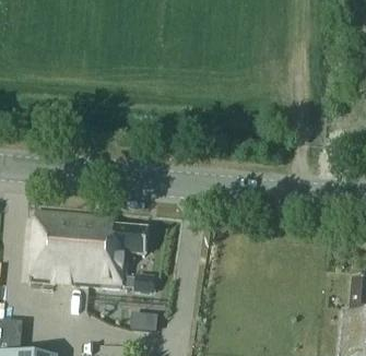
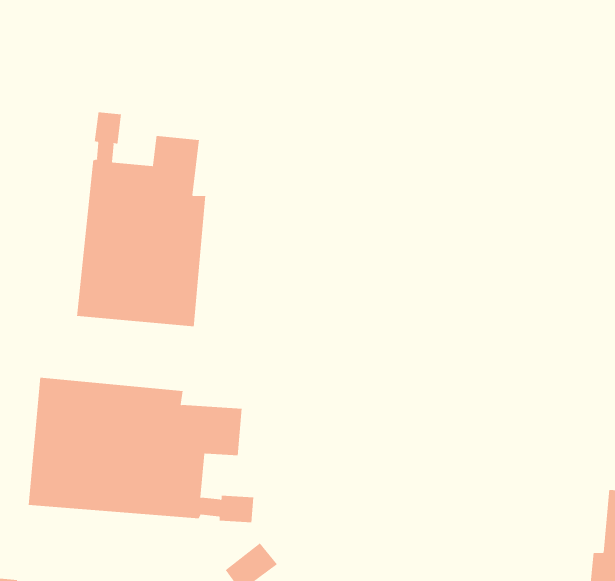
building: none -> [76,111,206,327]

